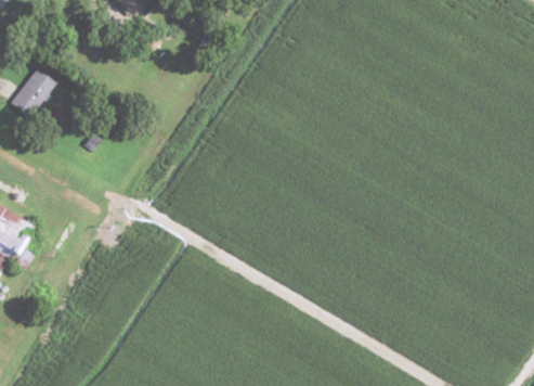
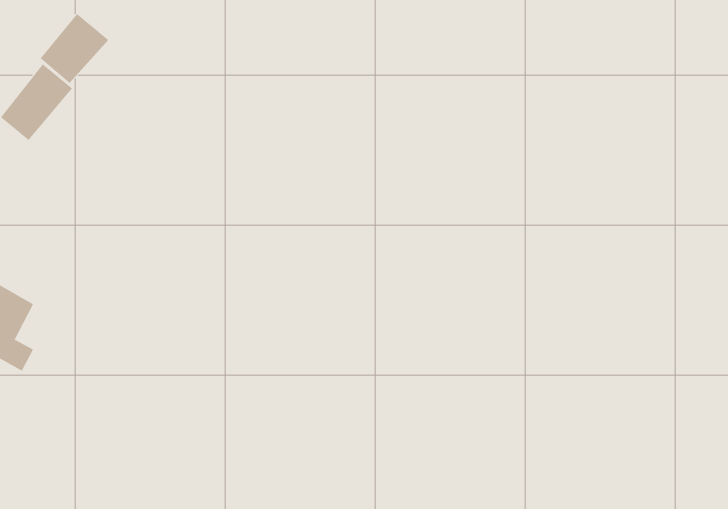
building: none -> [40,13,109,84]

